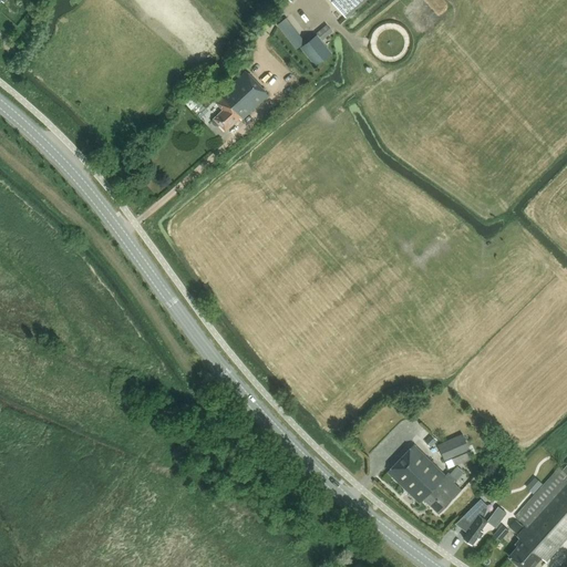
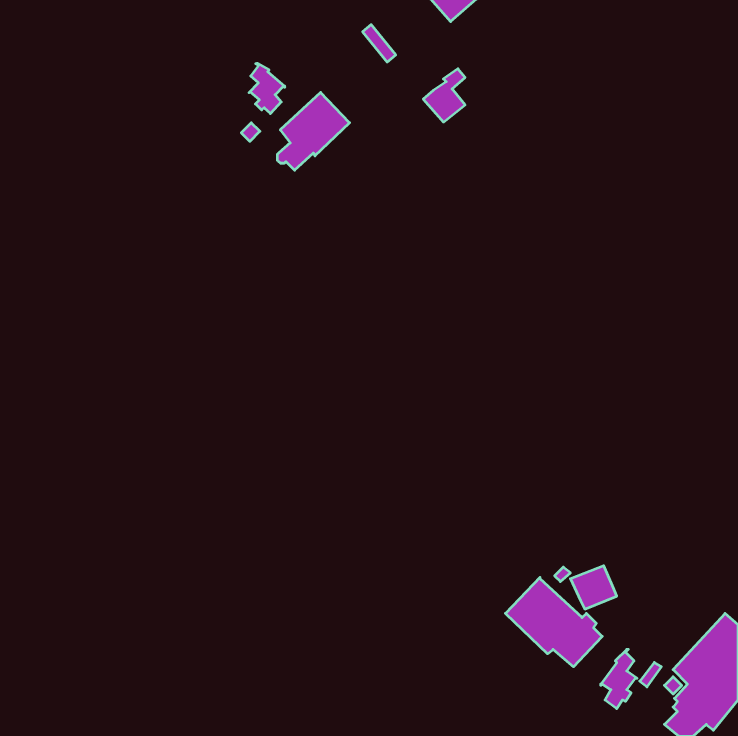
building: [300,24,332,65] -> [423,69,465,122]
building: none -> [249,63,285,114]

